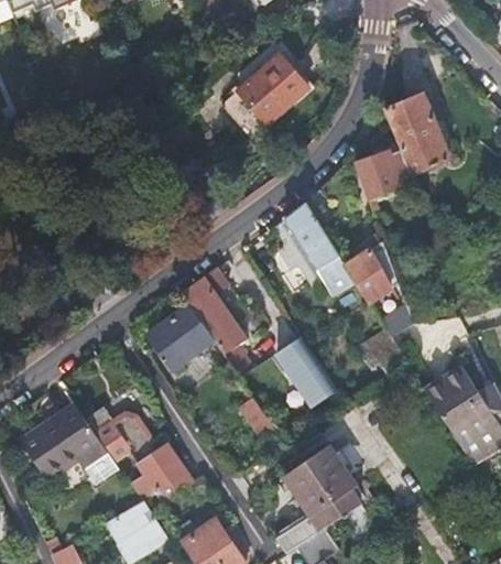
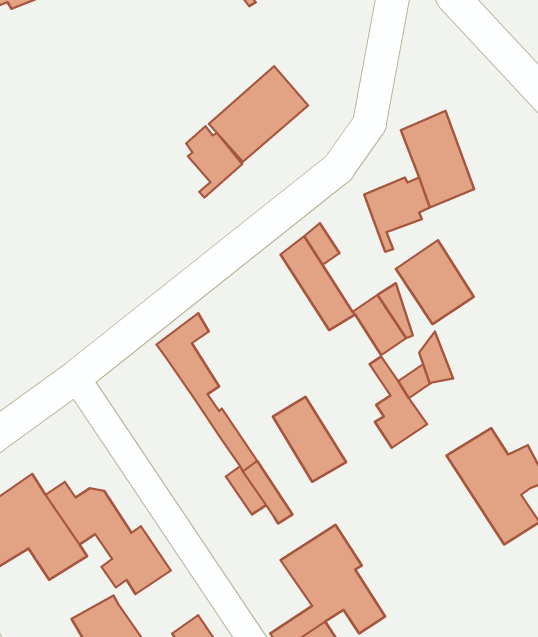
building: none -> [186,126,242,197]
building: none -> [396,240,474,324]
building: [128,304,211,368] -> none

